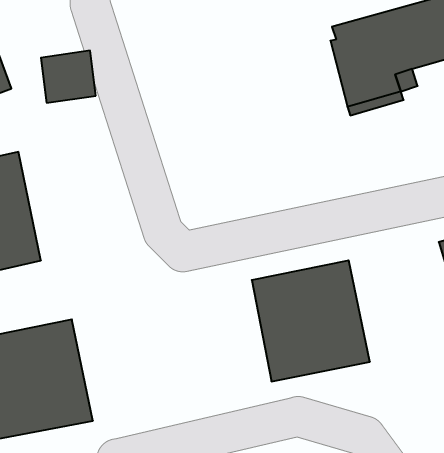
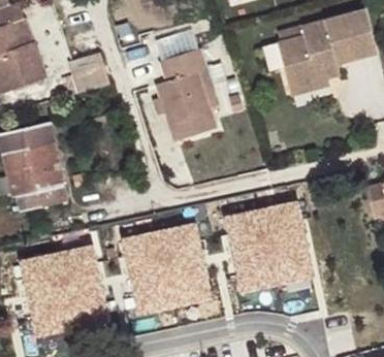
building: none -> [157,32,221,140]
building: none -> [122,224,209,313]

